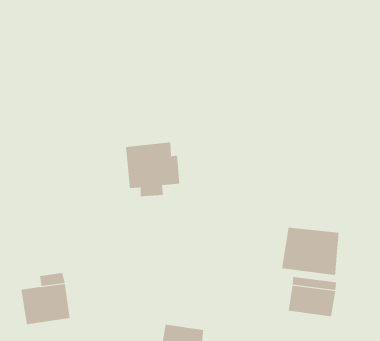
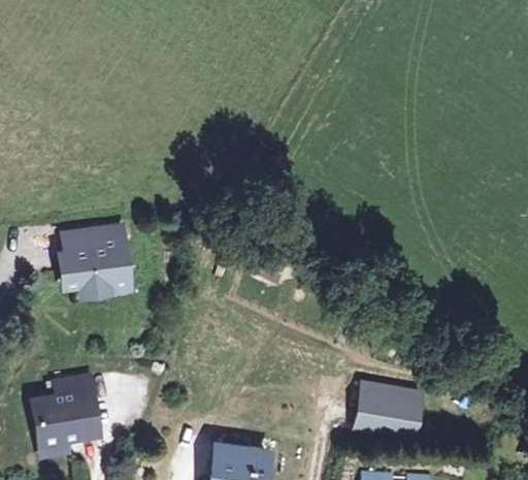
building: [125,142,180,197] -> [62,231,131,300]
building: [282,227,339,276] -> none

